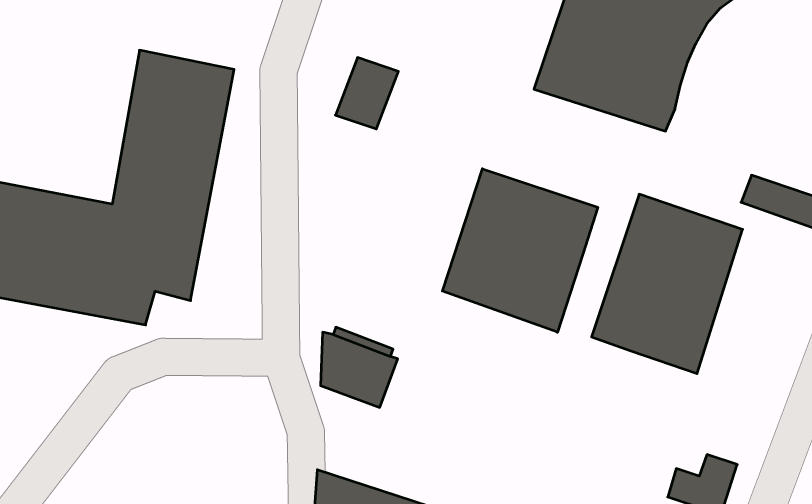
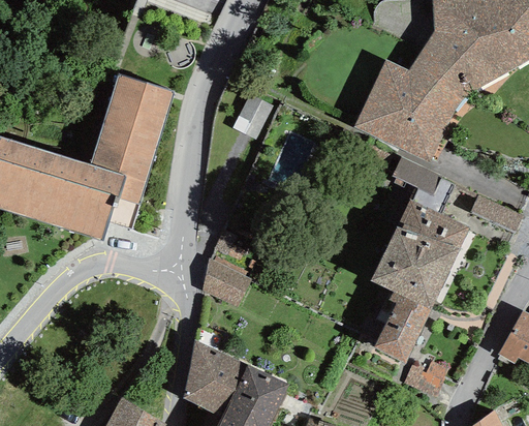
building: none -> [391,156,441,194]
building: [442,169,598,332] -> none
building: none -> [373,292,431,364]

